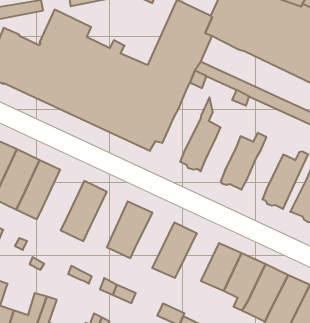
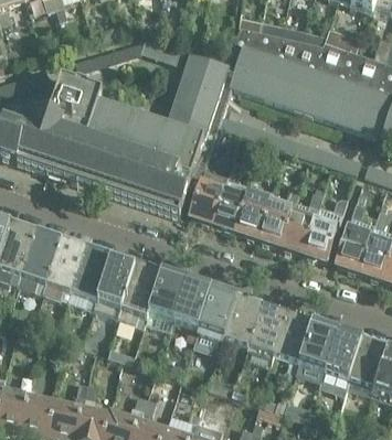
building: none -> [189,167,230,223]
building: none -> [236,182,274,238]
building: none -> [282,192,324,253]
building: none -> [68,246,114,310]
building: none -> [120,264,162,326]
building: none -> [176,280,214,340]
building: none -> [225,297,264,346]

